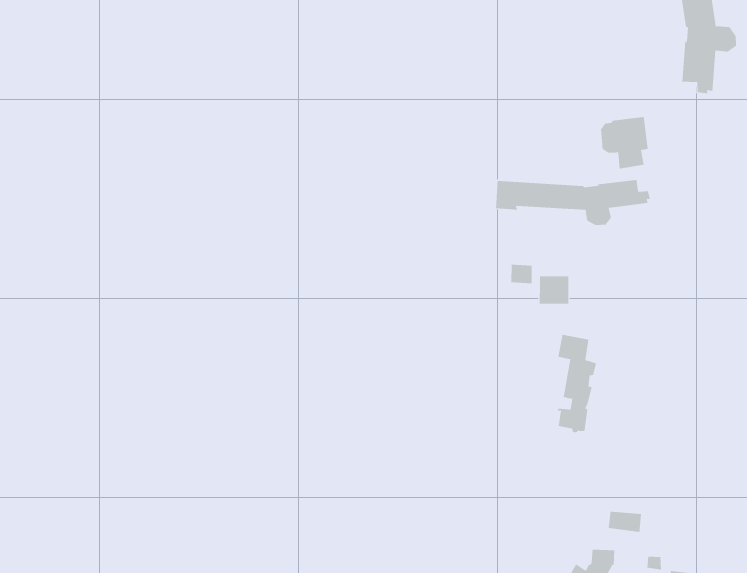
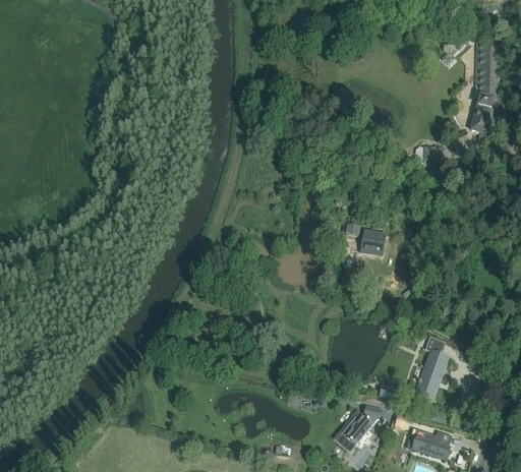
building: [495,179,650,226] -> none
building: [557,334,597,433] -> [416,336,447,398]

